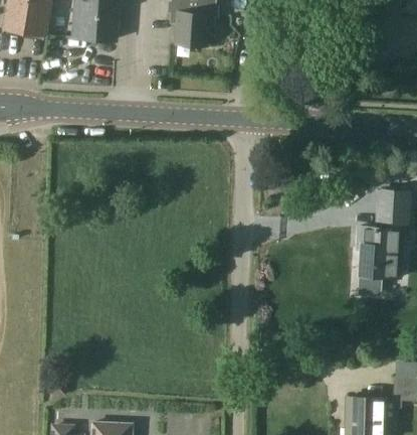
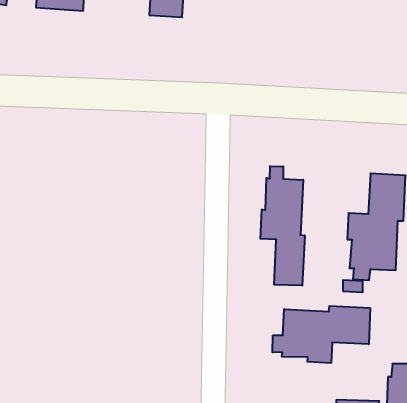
building: none -> [260,166,305,286]
building: none -> [272,306,370,363]

